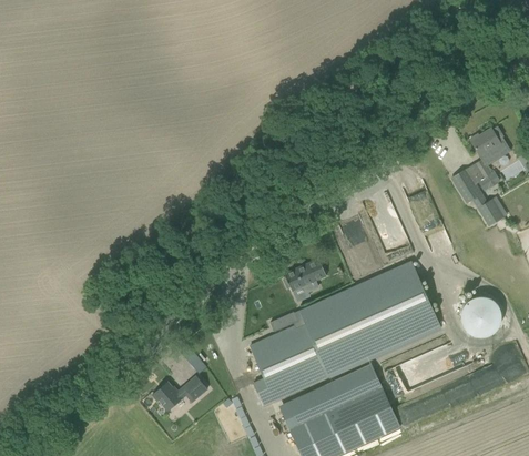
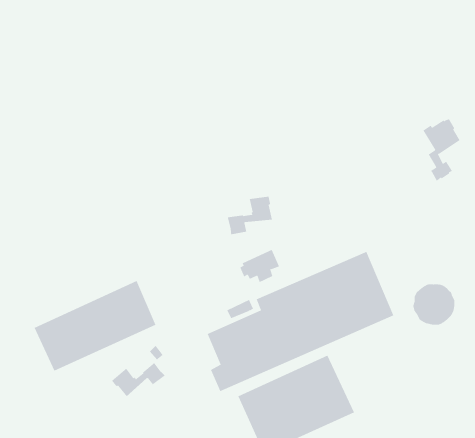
building: [451,163,503,225] -> none
building: none -> [227,196,272,235]
building: none -> [34,280,156,372]

